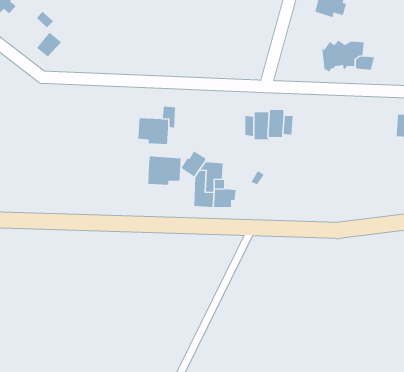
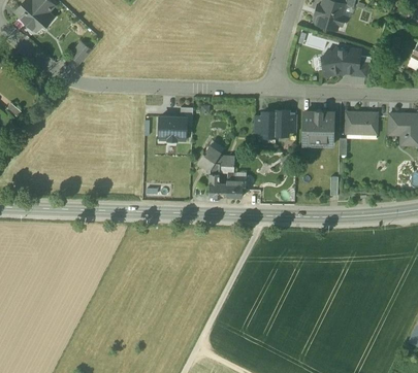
building: none -> [302,111,332,145]
building: none -> [345,112,376,135]
building: [148,155,181,185] -> none

